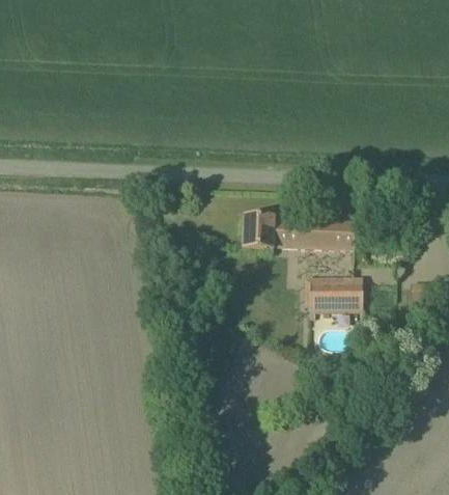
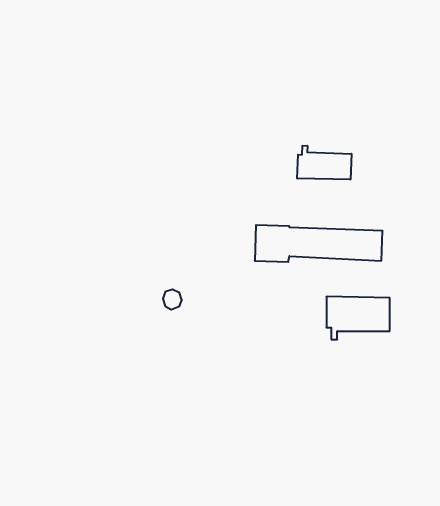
building: none -> [297,146,351,180]

